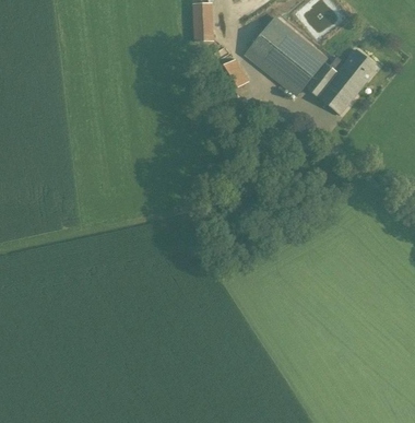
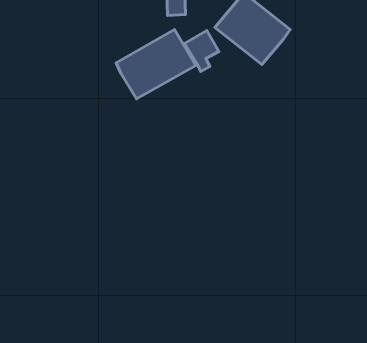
building: [307,49,378,115] -> none
building: none -> [116,29,196,99]

